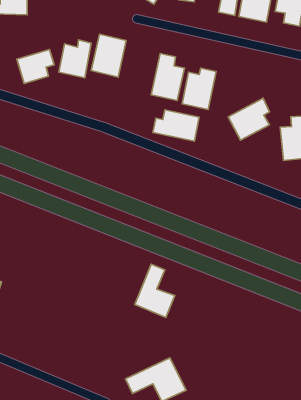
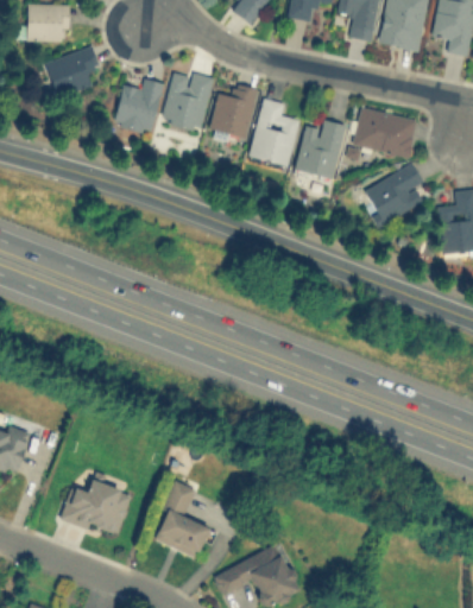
building: none -> [209,83,257,139]
building: [17,49,54,83] -> [46,46,101,96]
building: none -> [354,107,417,157]
building: [153,110,199,141] -> none
building: [135,264,175,317] -> [153,480,212,558]
building: none -> [61,479,133,538]

